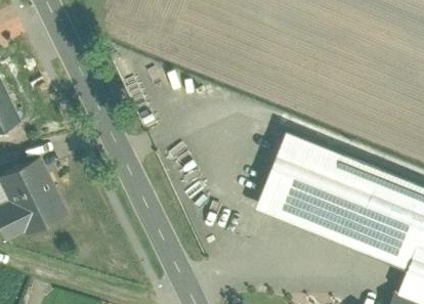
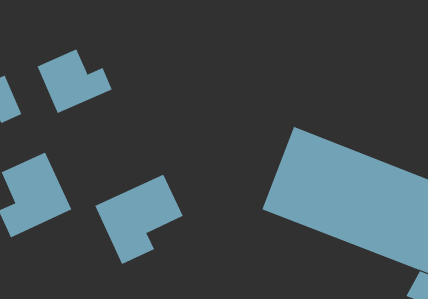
building: none -> [37,49,113,114]
building: none -> [95,174,184,265]

